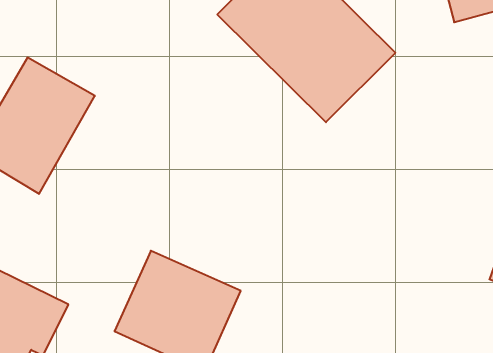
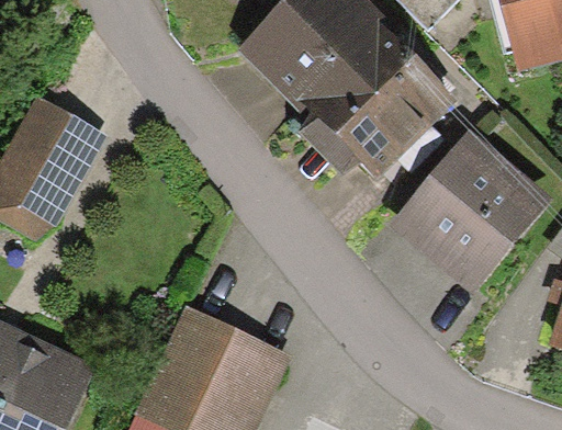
building: none -> [397,139,541,283]

